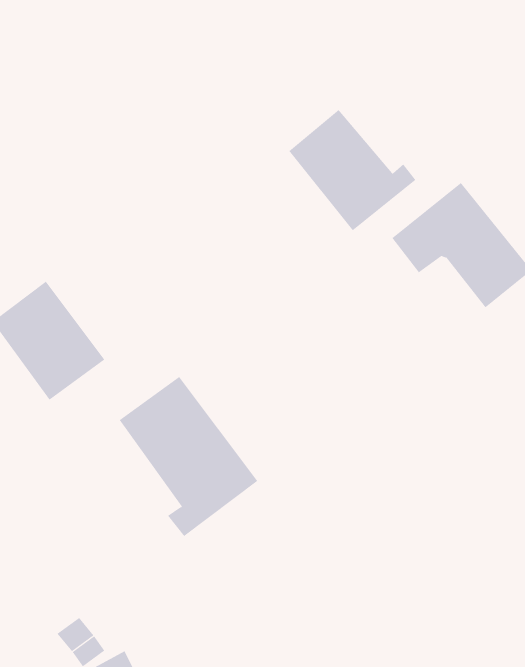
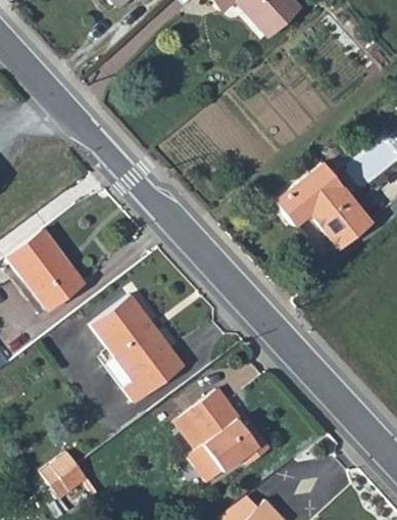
building: [288,109,416,231] -> none
building: none -> [175,390,268,482]

